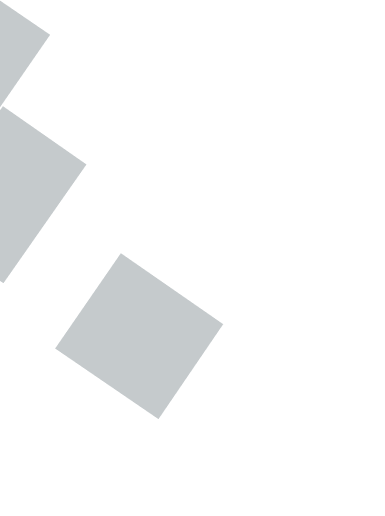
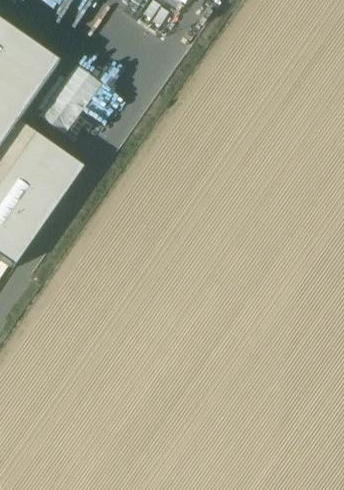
building: [54,252,224,420] -> none

